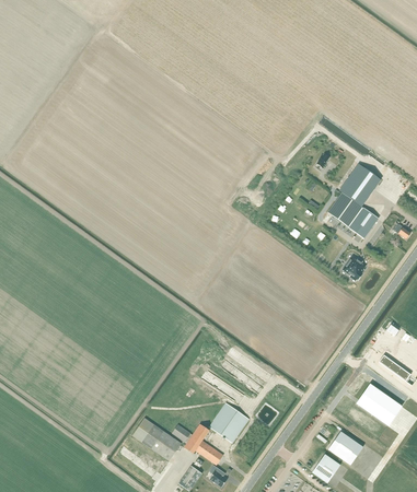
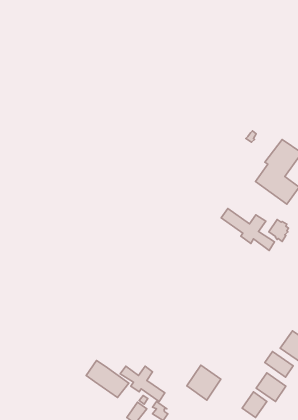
building: none -> [221,209,275,250]
building: [209,401,248,442] -> [187,365,221,400]
building: none -> [265,351,293,377]

